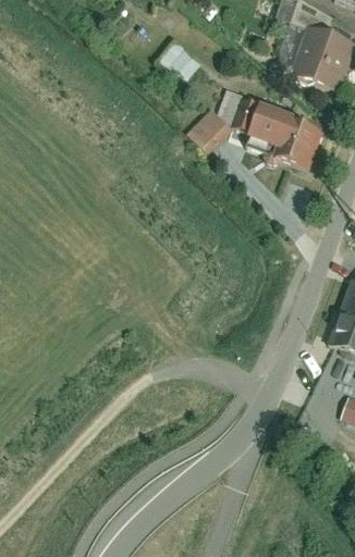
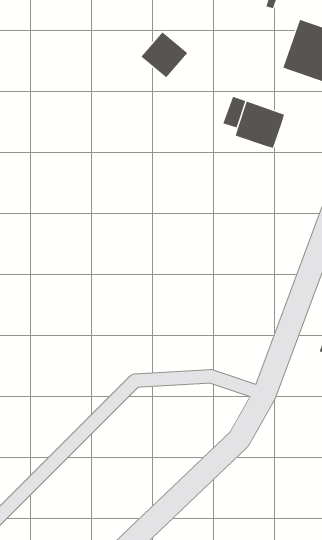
building: [189,107,233,150] -> none
building: [272,125,320,169] -> none

